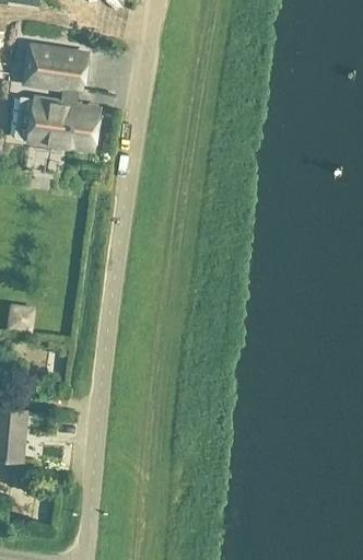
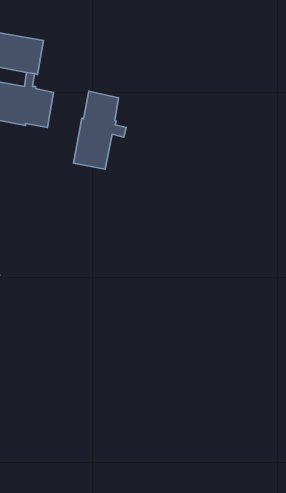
building: none -> [73,91,126,169]

